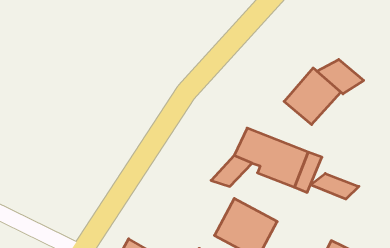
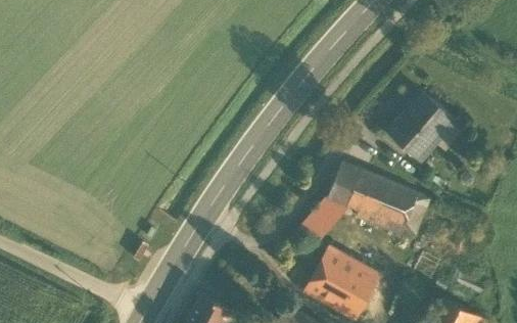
building: [317,59,364,94] -> none
building: [310,173,359,199] -> none

